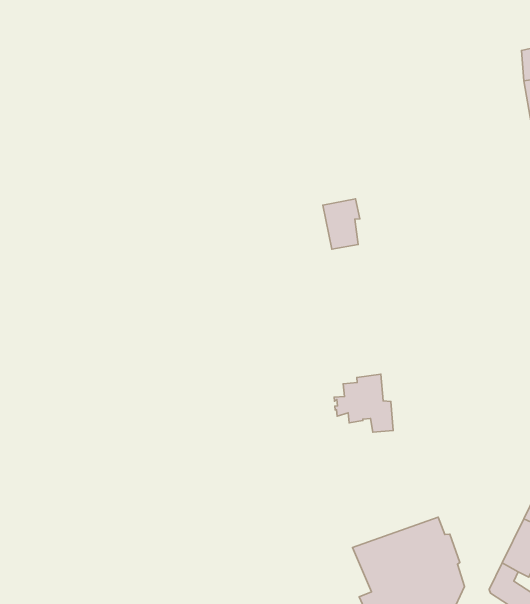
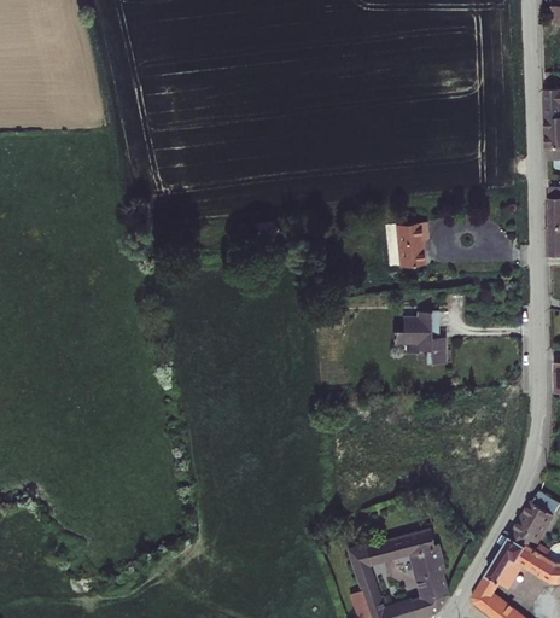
building: [323,199,360,249] -> [396,222,430,268]
building: [334,374,393,432] -> [393,311,447,366]

